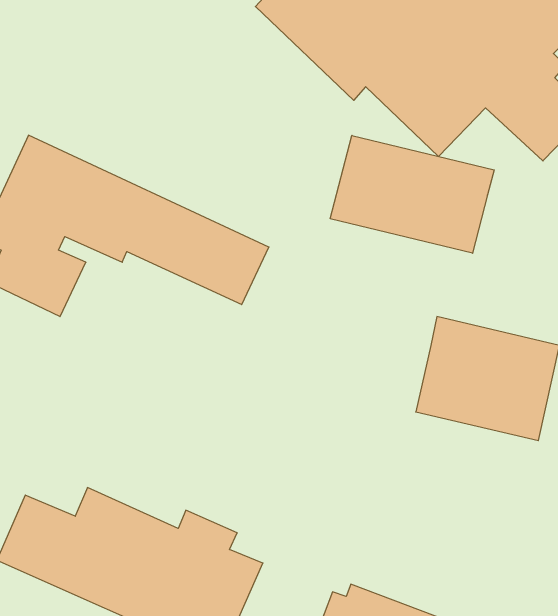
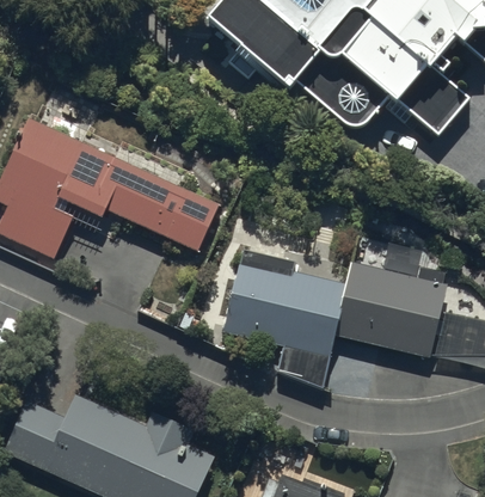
building: [330,135,494,253] -> none
building: none -> [221,247,346,388]

